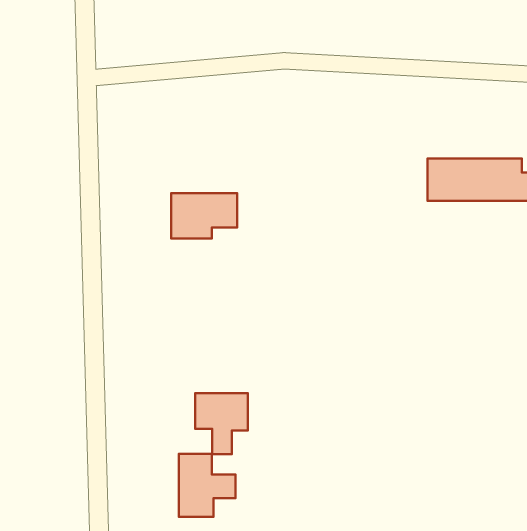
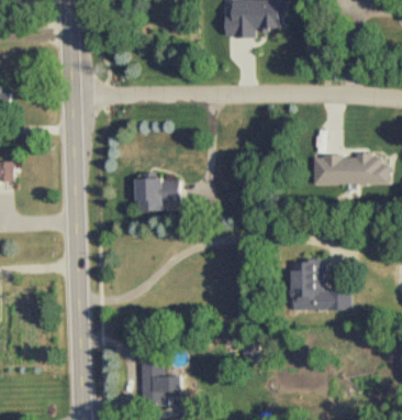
building: none -> [290,258,351,310]
building: [195,393,248,454] -> none

